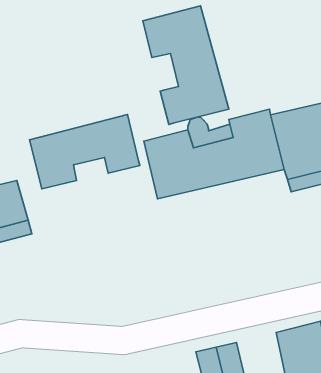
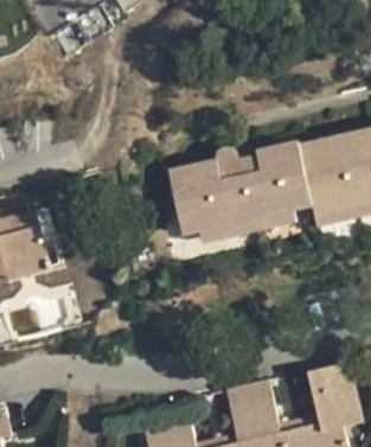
building: [143,6,229,125] -> none
building: [29,114,140,189] -> none

